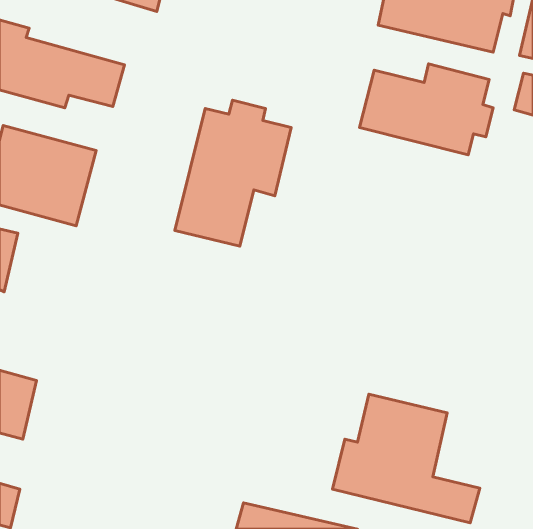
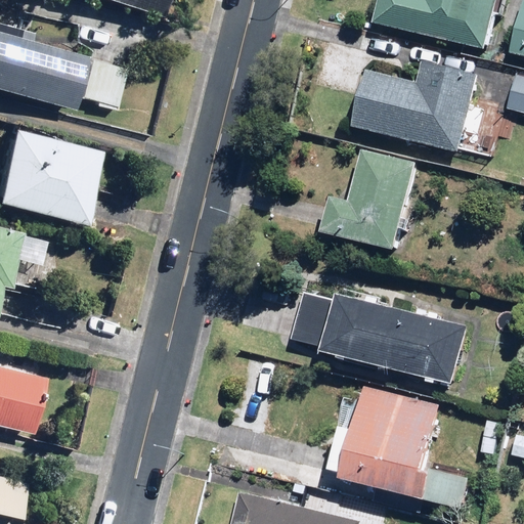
building: [175,100,291,246] -> none
building: none -> [321,149,418,255]
building: none -> [291,294,466,387]

